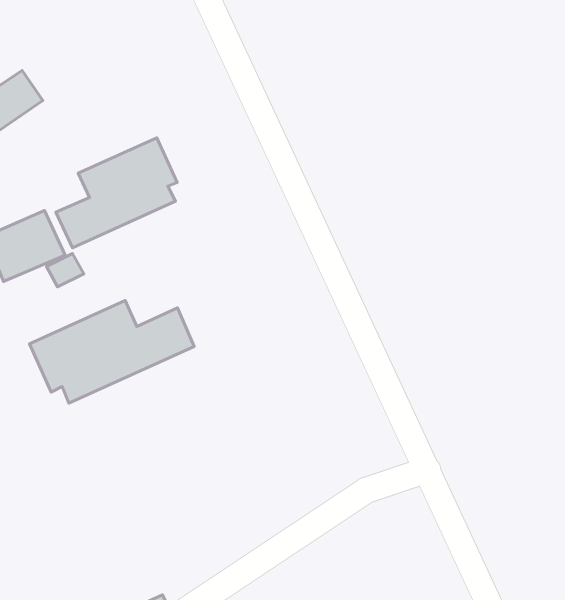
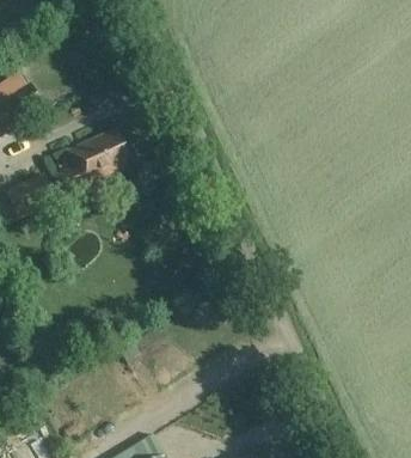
building: [30,300,194,403] -> none

